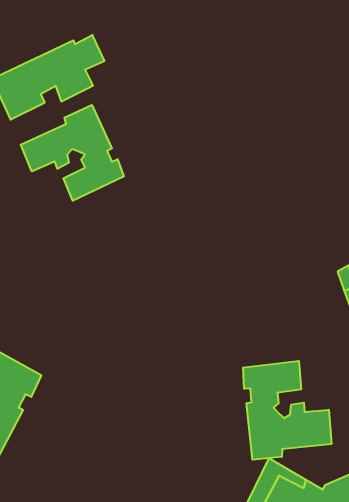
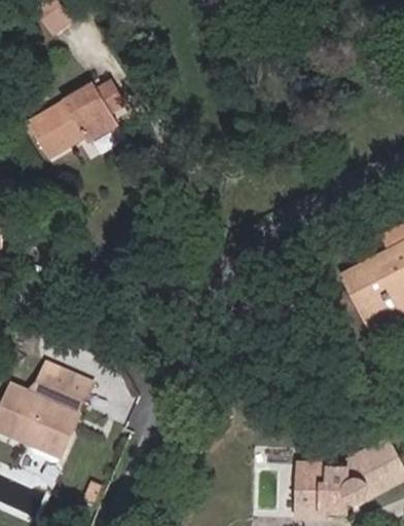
building: [21,105,124,201] -> none
building: [243,361,331,460] -> none

